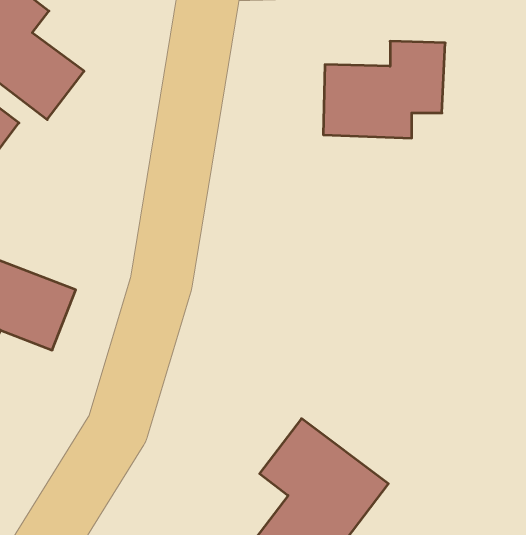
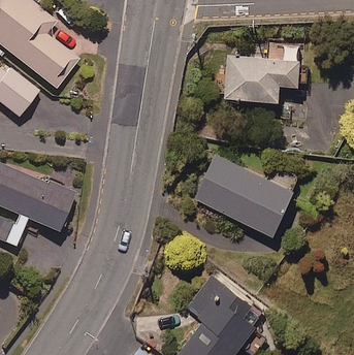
building: none -> [194,153,302,234]

